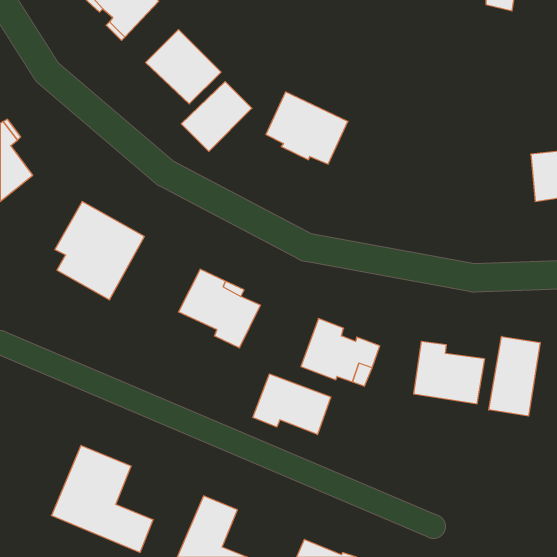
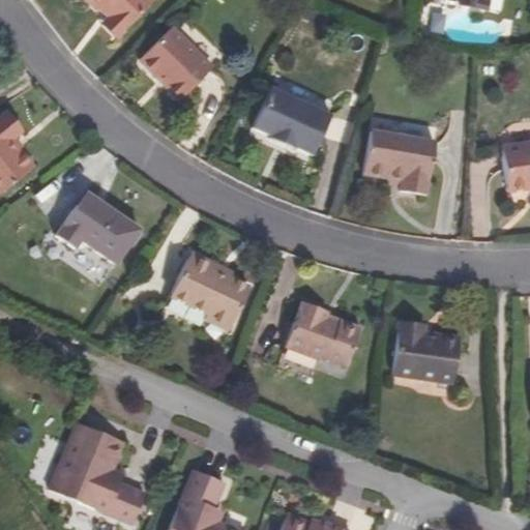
building: [181,82,252,151] -> none
building: none -> [364,131,435,194]
building: [489,336,540,416] -> none
building: [253,374,331,435] -> none

